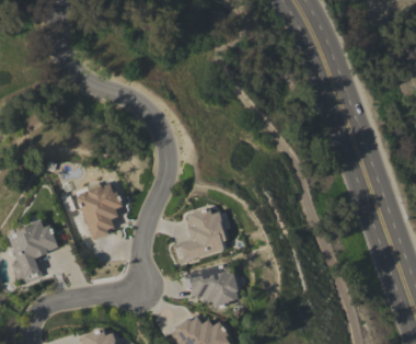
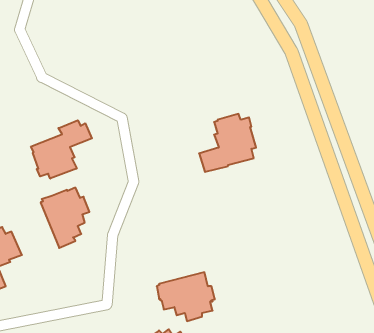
building: none -> [31,120,92,179]
building: [172,208,226,263] -> [199,114,256,172]

